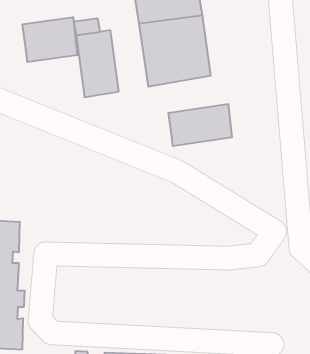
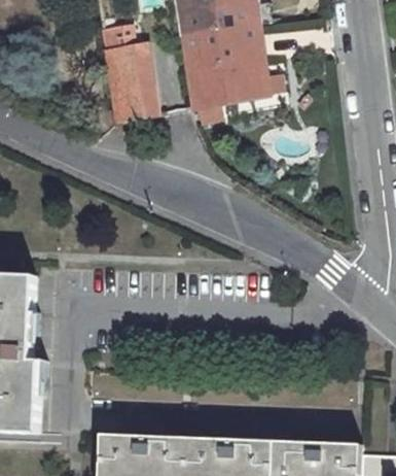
building: [23,17,77,62] -> none
building: [168,104,232,146] -> none

